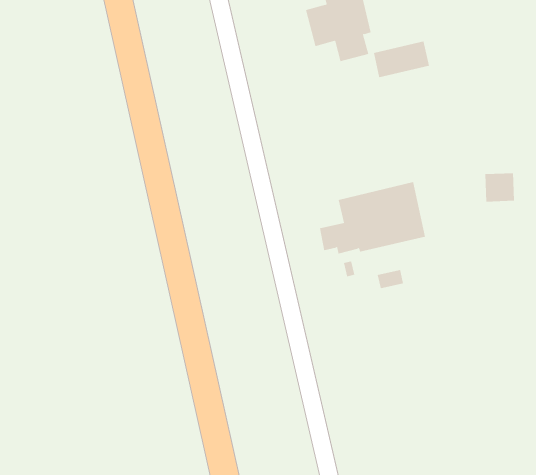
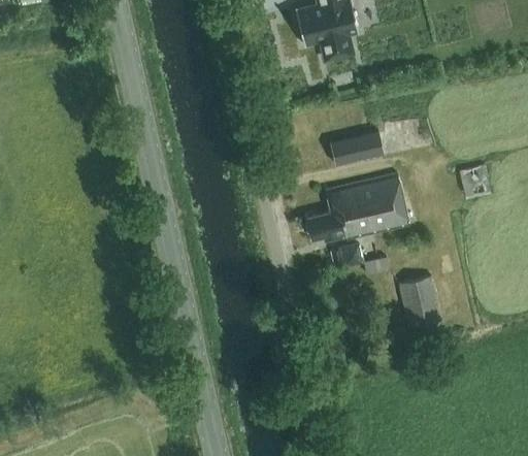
building: [373,41,430,78] -> [330,131,384,166]
building: none -> [398,276,442,329]

